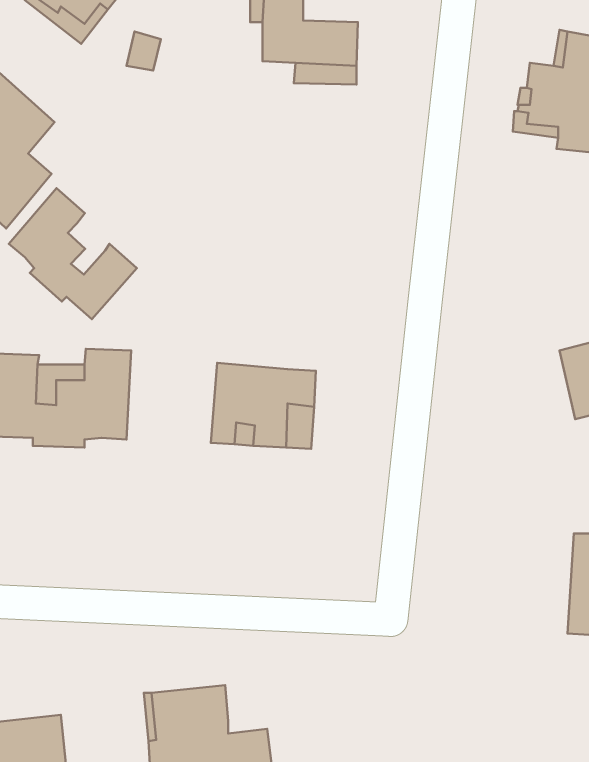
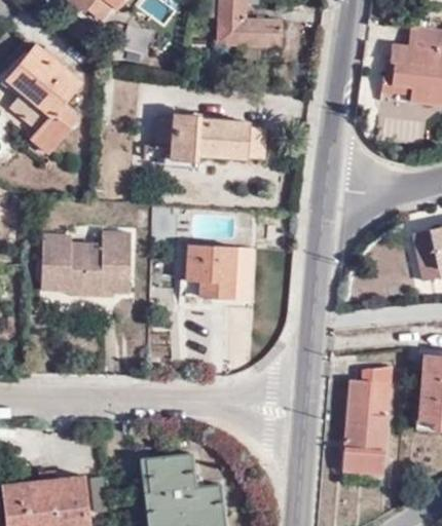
building: none -> [155,113,266,162]
building: [9,188,137,319] -> none
building: none -> [343,366,393,473]

